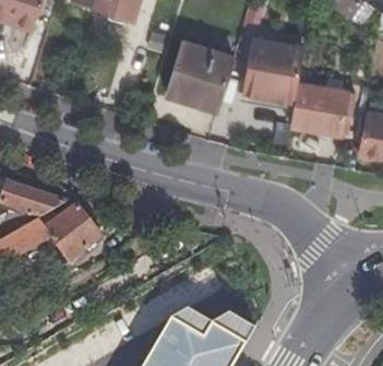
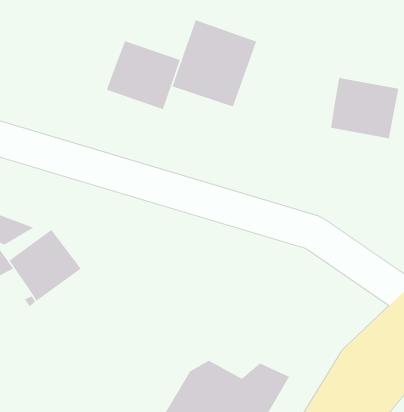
building: [241,39,303,104] -> none
building: none -> [106,40,181,110]

